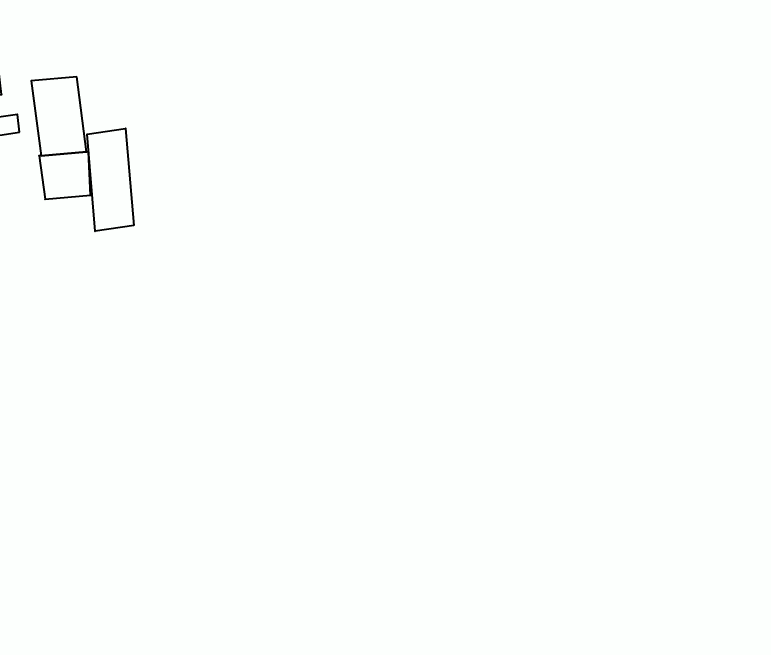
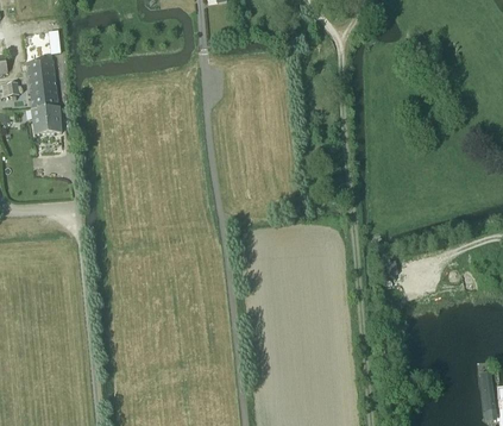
building: [87,128,134,231] -> none

